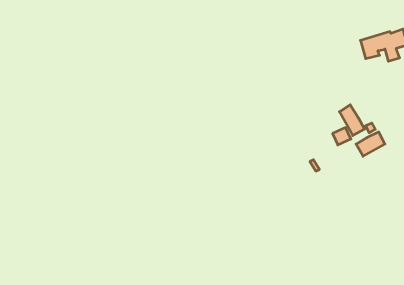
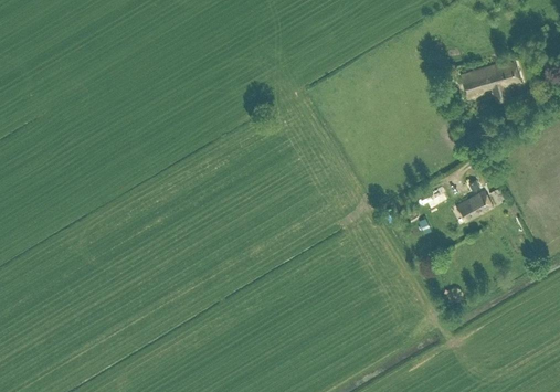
building: [339,105,364,136] -> none

